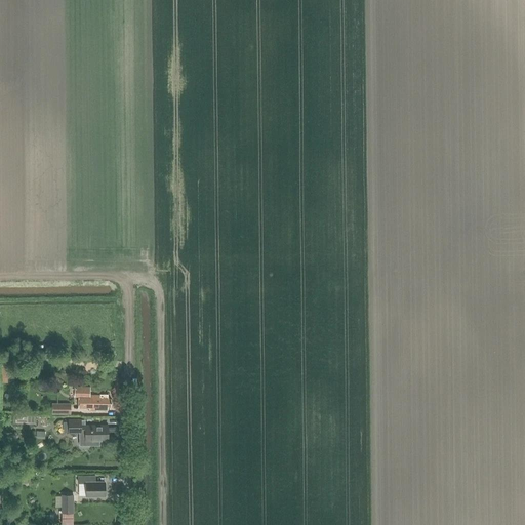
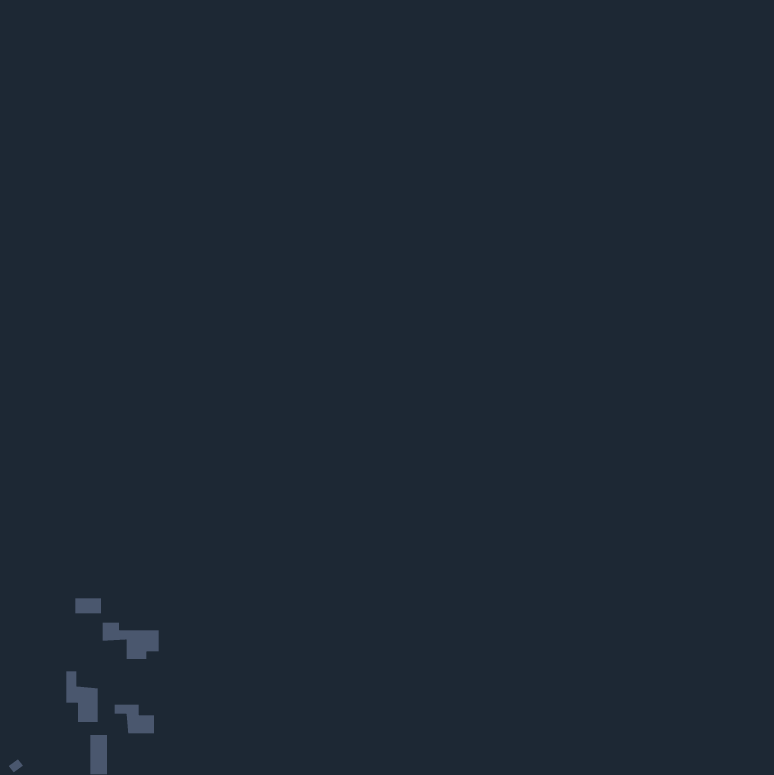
building: [74,388,111,410] -> none
building: none -> [66,670,99,723]

